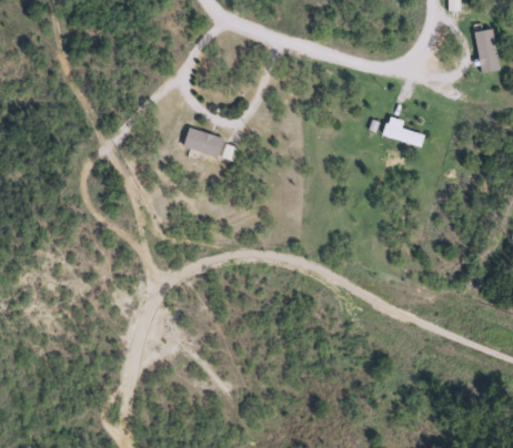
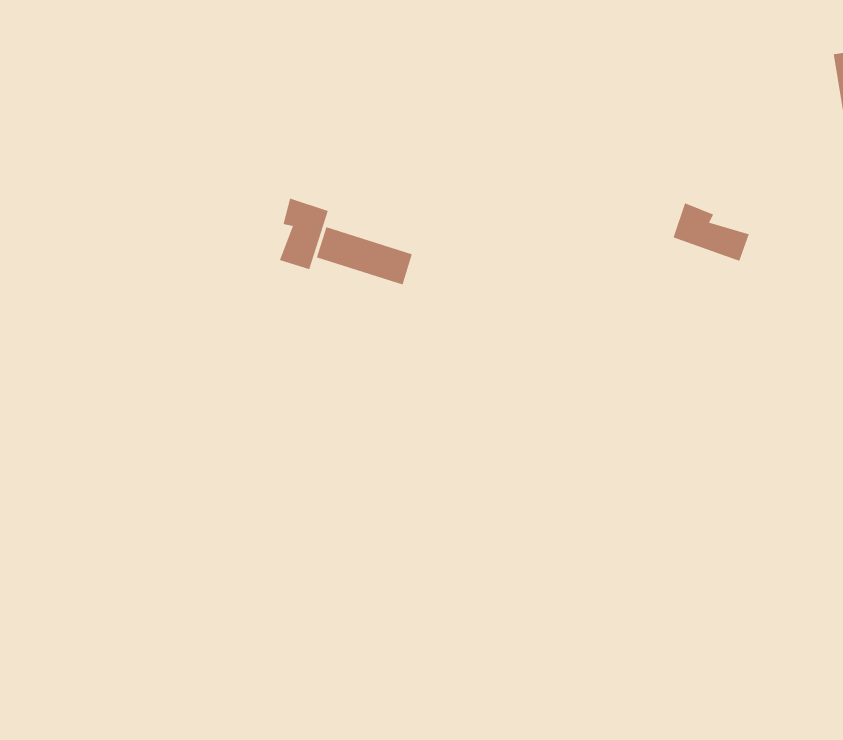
building: none -> [279,197,329,270]

